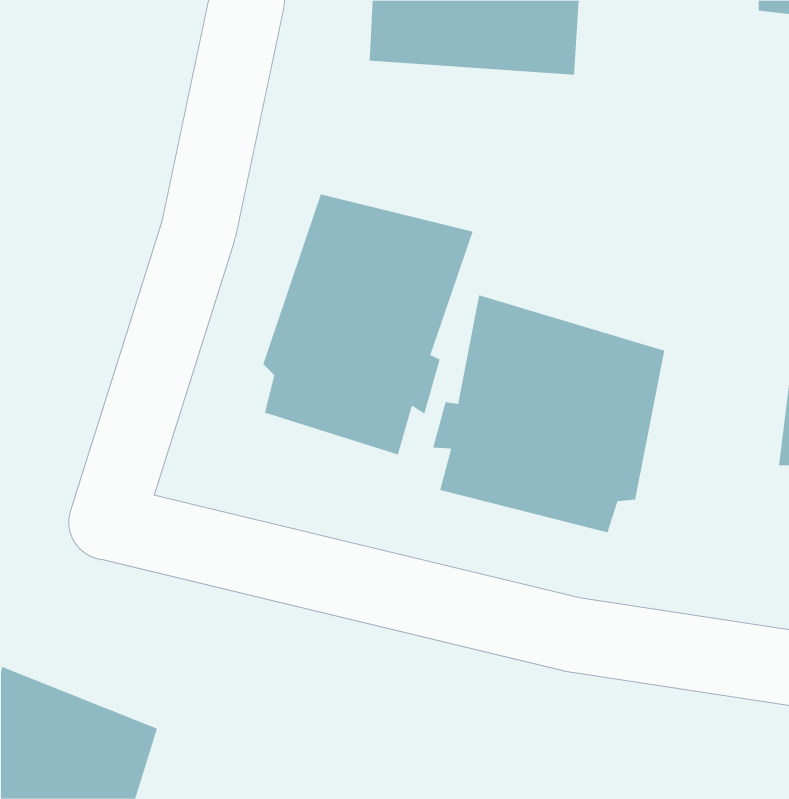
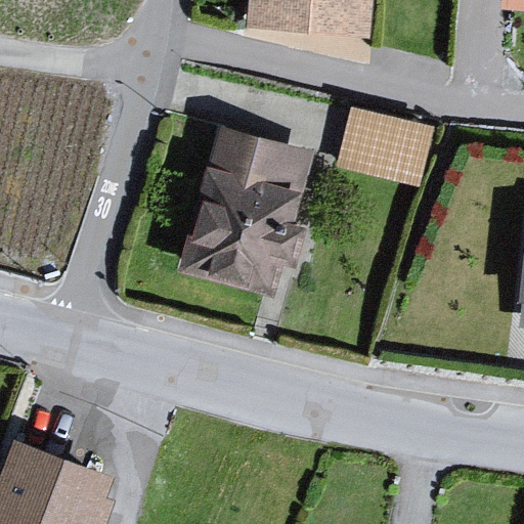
building: none -> [337,107,440,190]
building: [433,295,665,533] -> none

